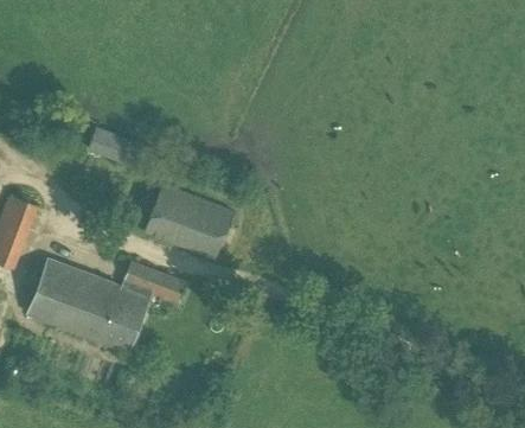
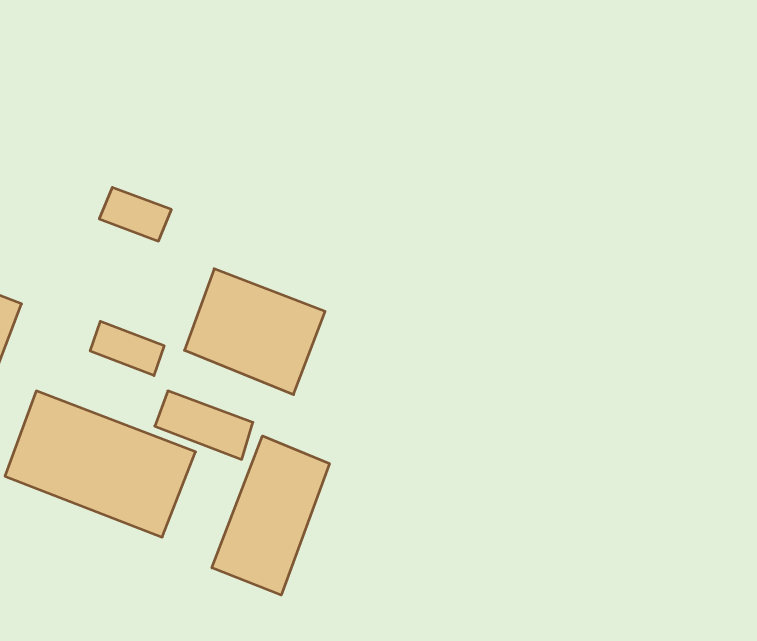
building: none -> [90,321,164,376]
building: none -> [212,436,329,595]

